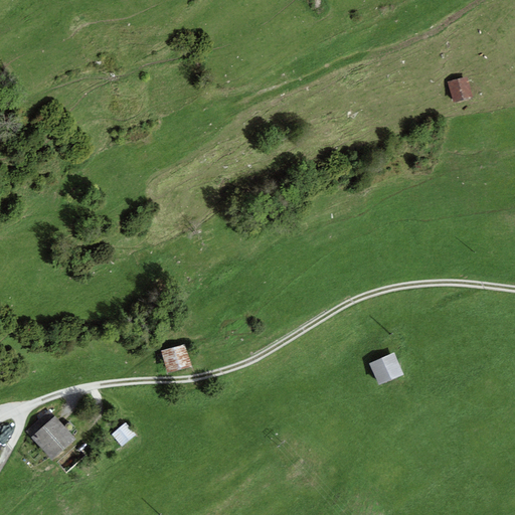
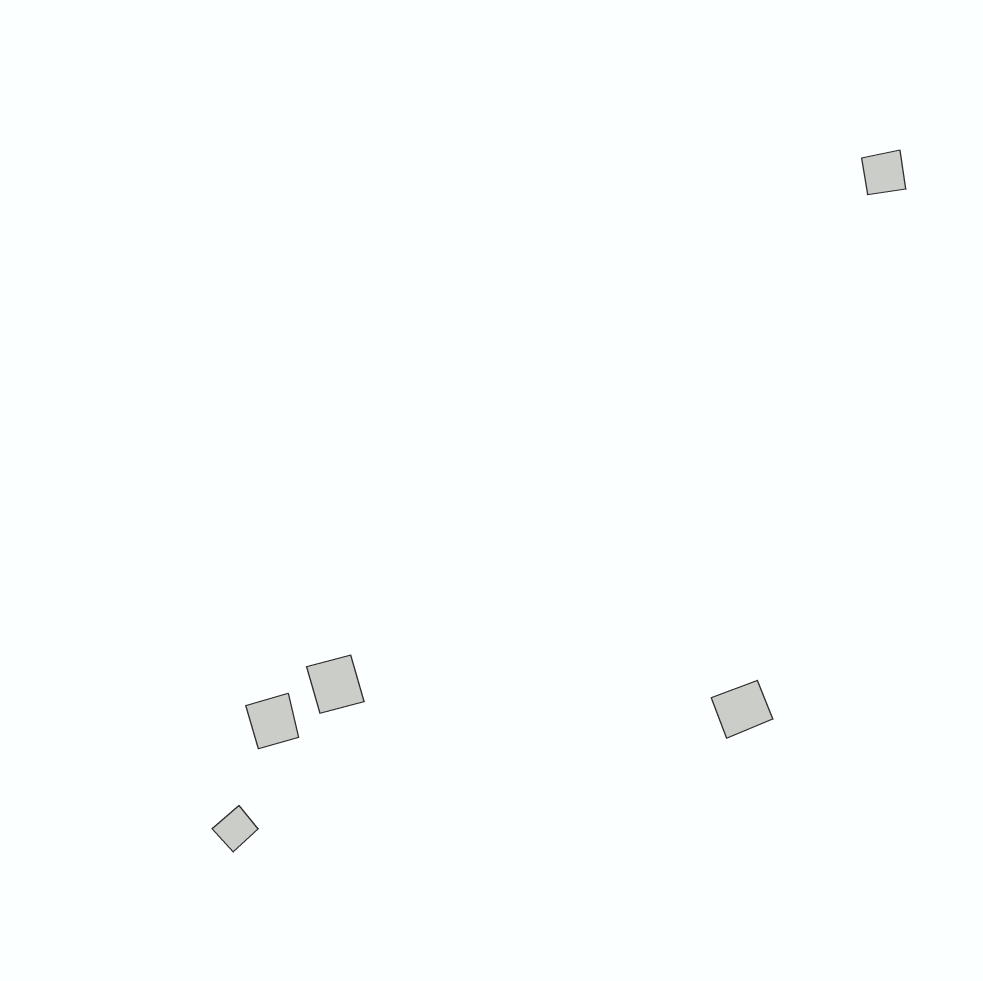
building: none -> [246,693,299,749]
building: [30,414,75,459] -> none

